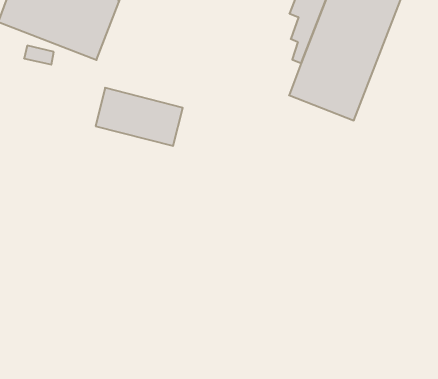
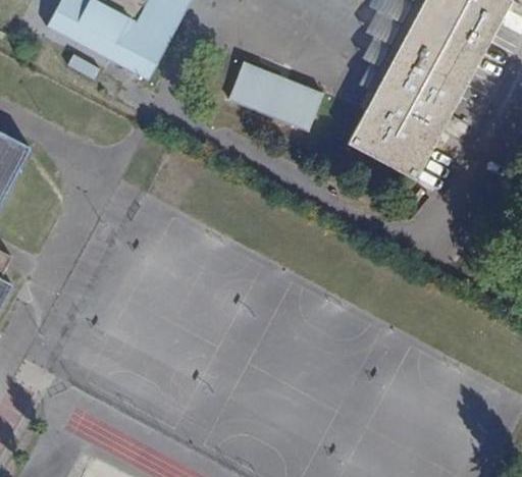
building: [96,88,183,146] -> [230,61,326,132]

